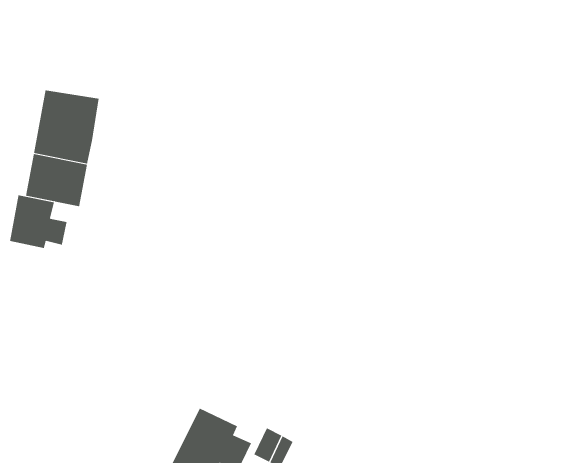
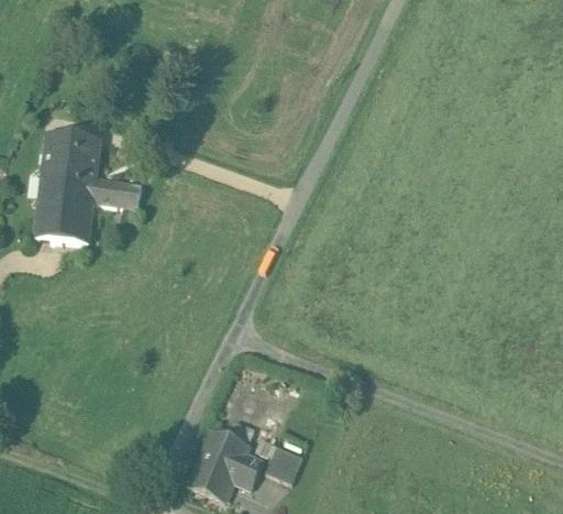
building: none -> [92,178,141,207]
building: [9,194,67,249] -> none

